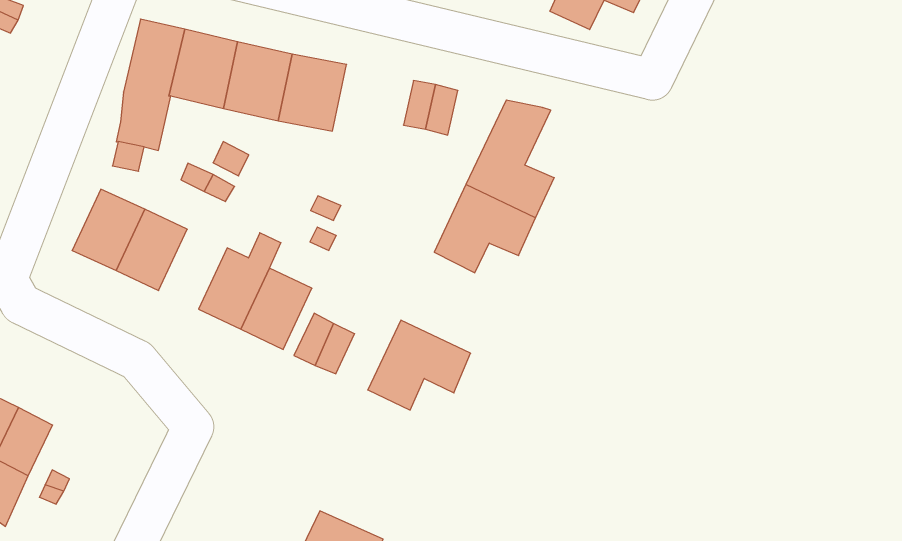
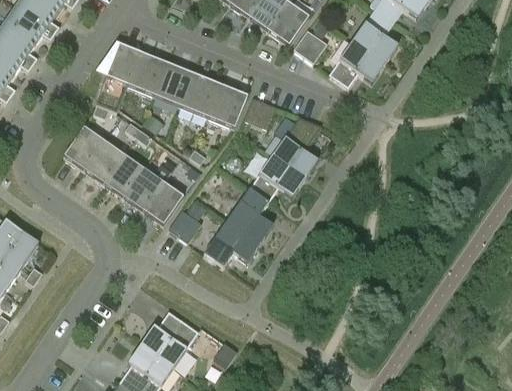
building: none -> [207,84,247,128]
building: none -> [104,155,143,197]
building: none -> [226,188,272,243]

